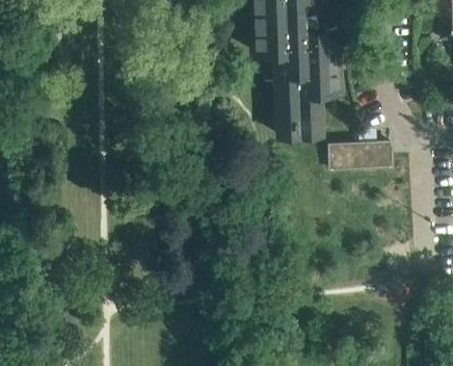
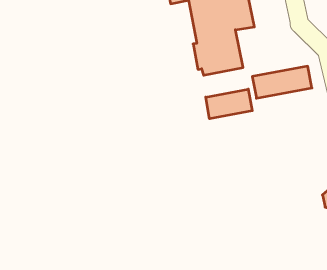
building: none -> [206,89,252,119]

